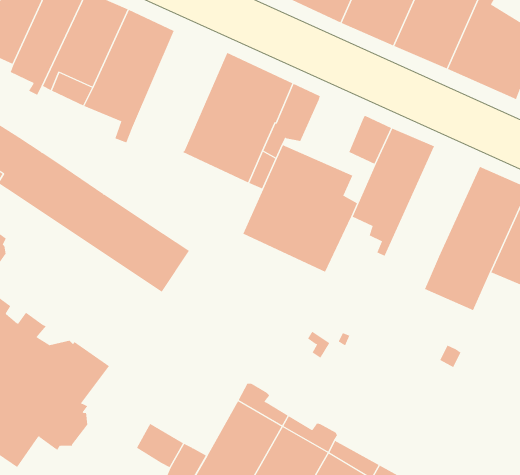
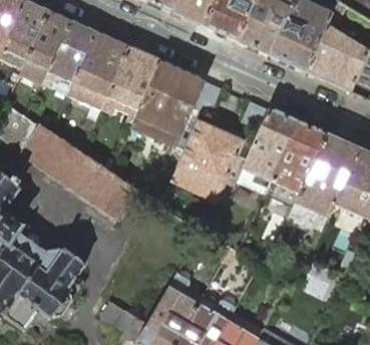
building: none -> [100,45,161,123]
building: none -> [265,120,326,207]

